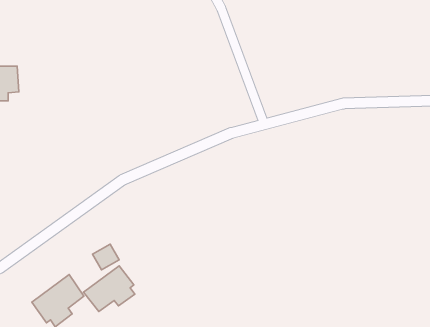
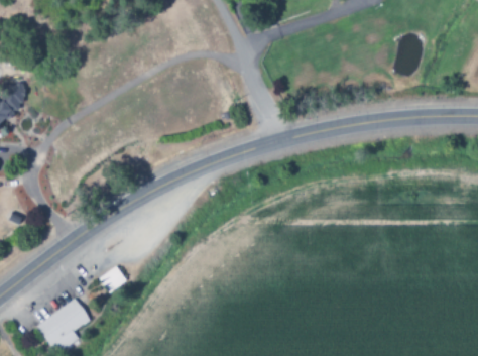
building: [84,266,135,312] -> none

